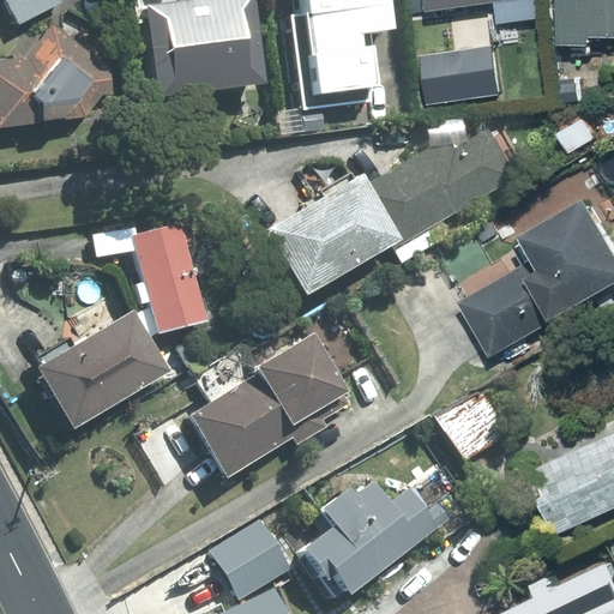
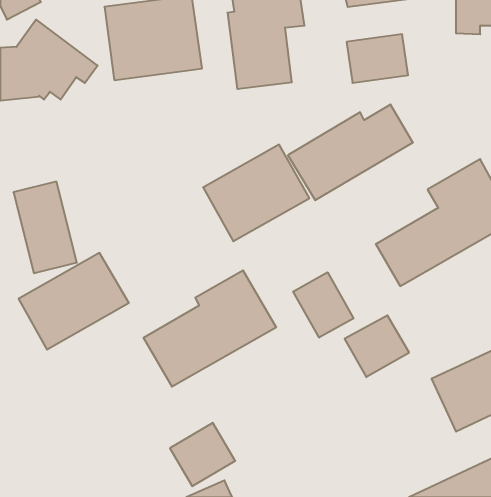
building: [130,223,207,336] -> [13,182,77,273]
building: none -> [293,272,353,338]
building: [296,480,449,595] -> none

